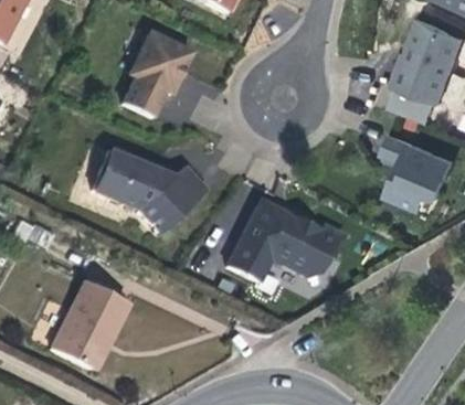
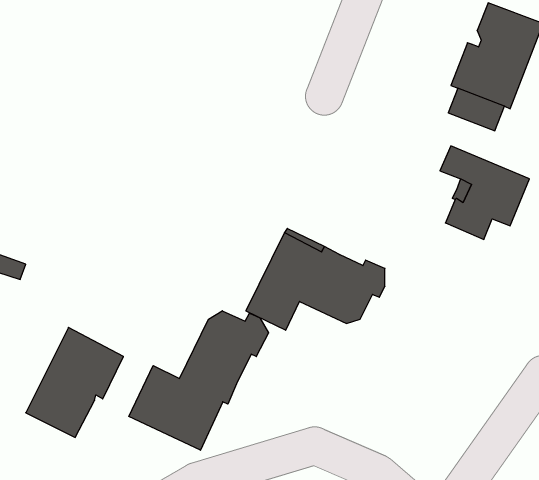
building: [124,32,192,117] -> none
building: [93,149,208,233] -> none
building: none -> [129,311,269,450]

